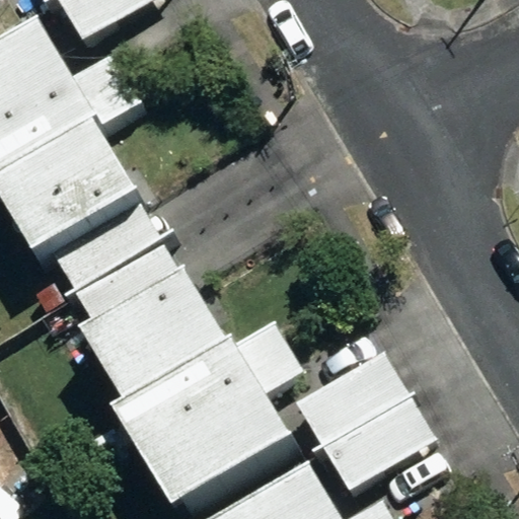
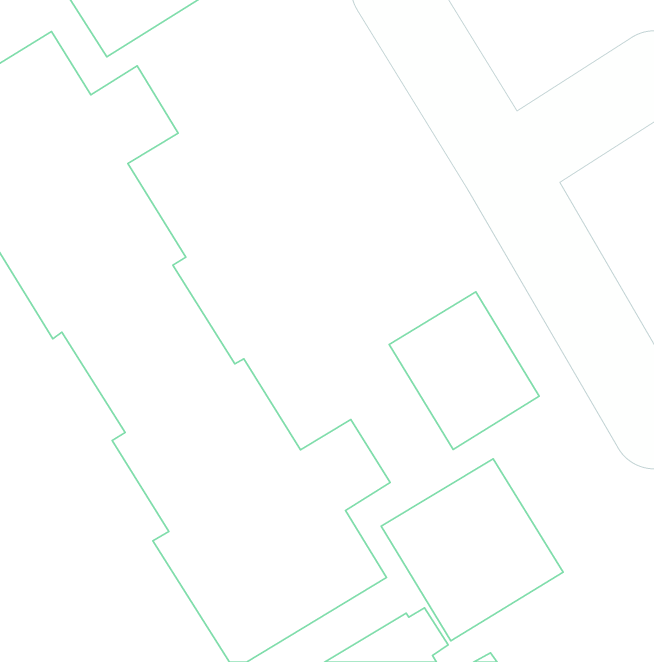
building: none -> [389,292,539,449]

